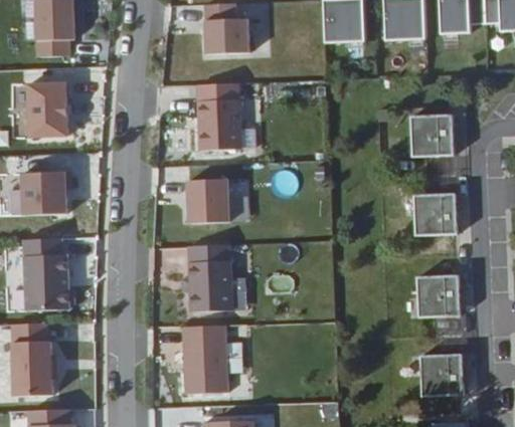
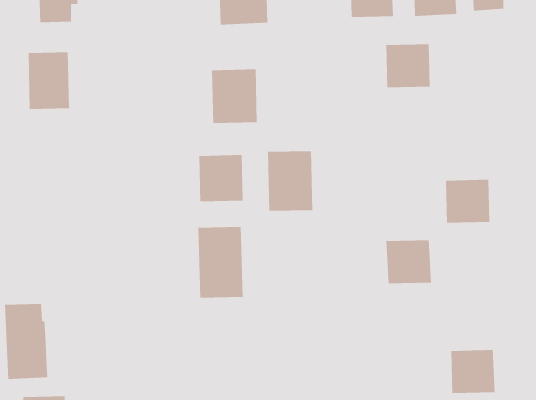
building: [416,122,459,163] -> [385,44,430,88]
building: [19,169,68,212] -> none
building: none -> [268,150,313,211]
building: [20,236,69,306] -> none
building: [420,282,464,324] -> [386,240,432,284]
building: [176,324,220,392] -> none

